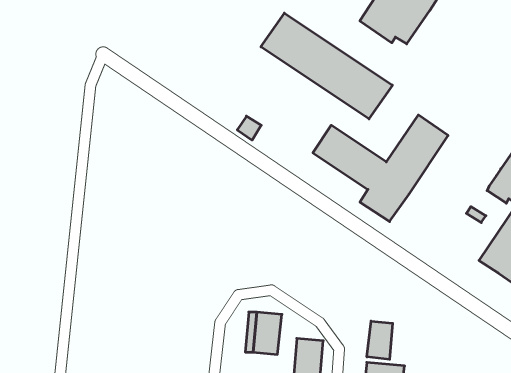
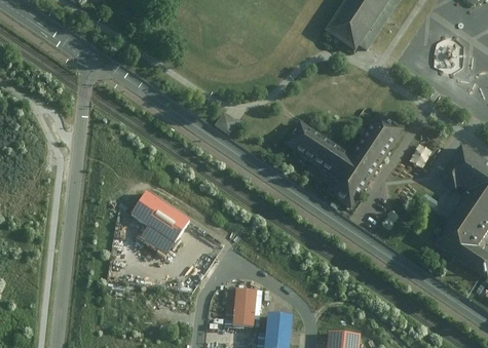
building: [261,13,392,119] -> none
building: none -> [127,192,187,256]
building: [367,321,393,359] -> none

